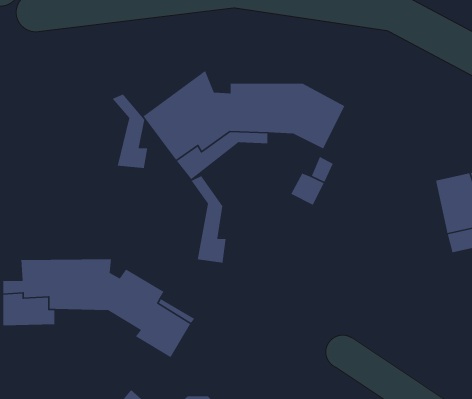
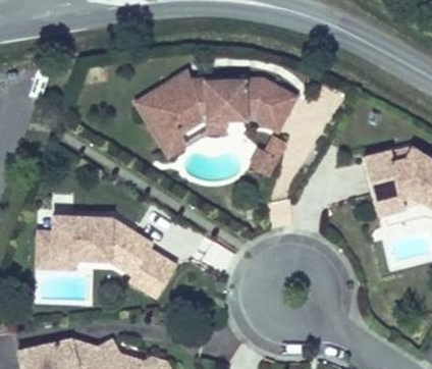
building: [111,94,148,169] -> none
building: [191,175,226,263] -> none

